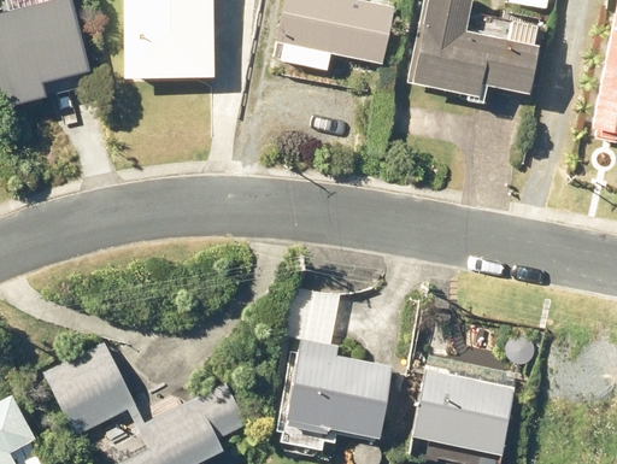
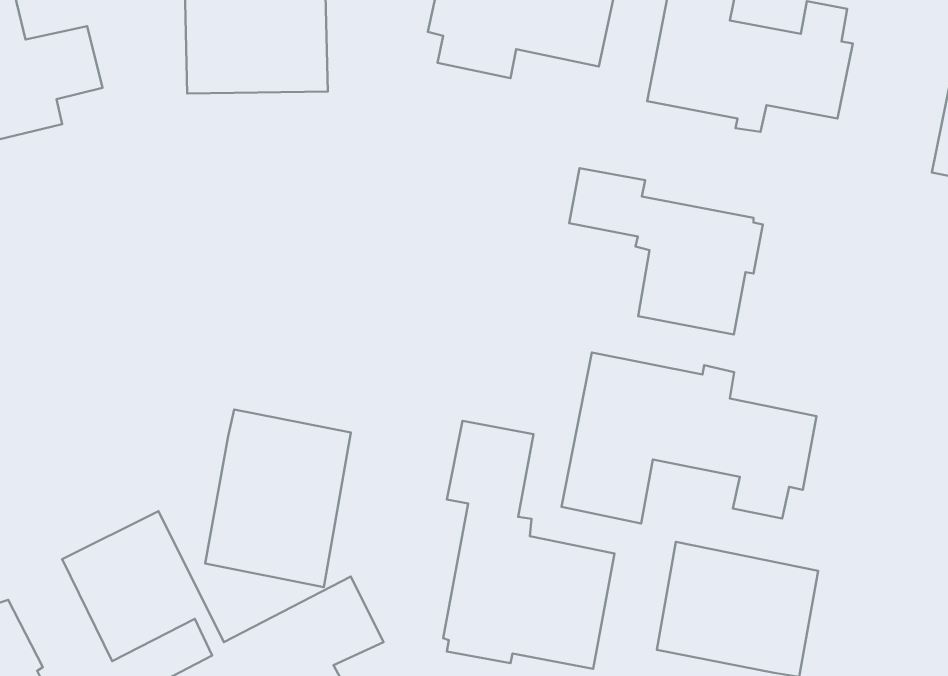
building: none -> [569,168,763,335]
building: none -> [562,353,817,524]
building: none -> [205,410,351,587]

